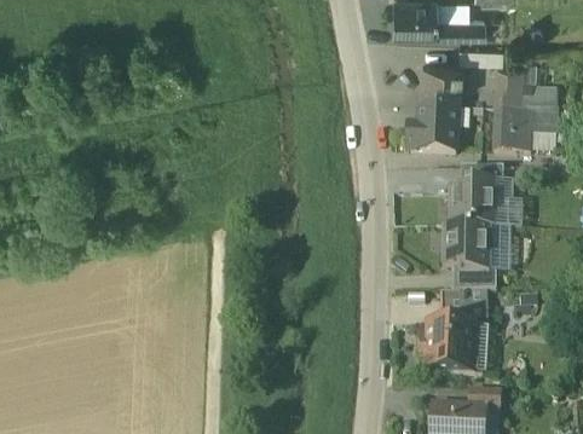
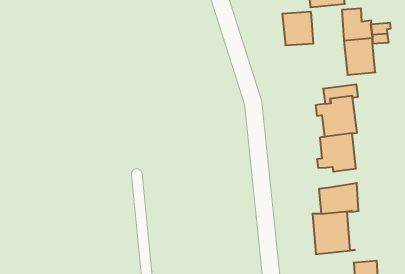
building: [410,110,461,156] -> none
building: [455,270,498,295] -> none

